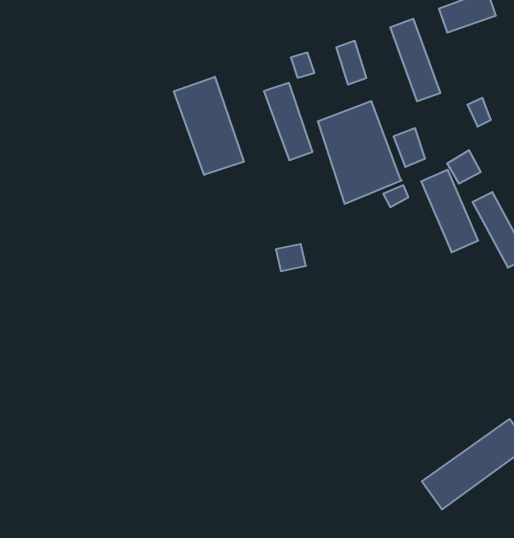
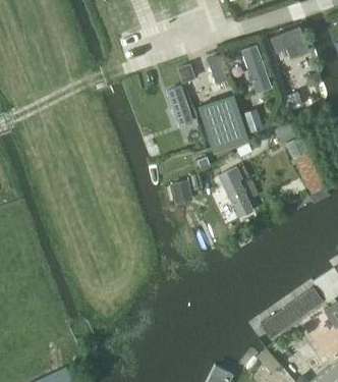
building: [174,77,244,175] -> none
building: [421,170,478,252] -> [220,168,255,218]

